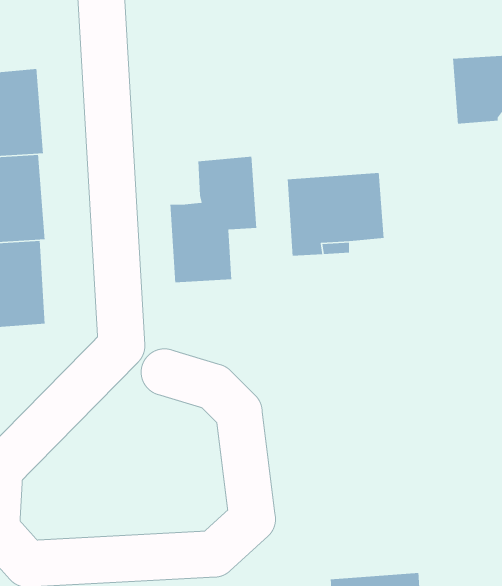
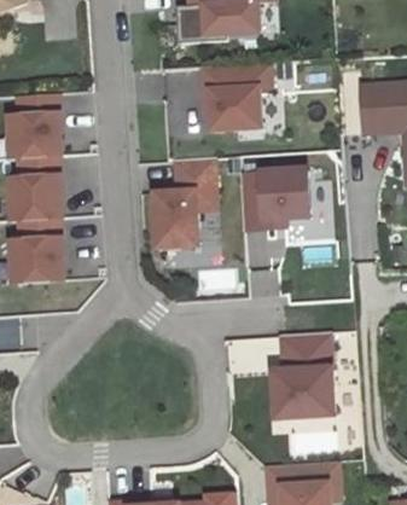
building: none -> [202,63,271,132]
building: none -> [273,332,335,419]

